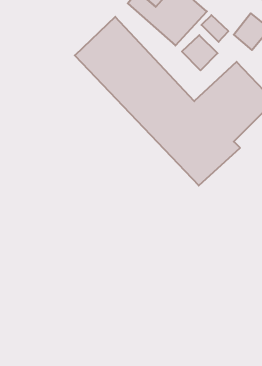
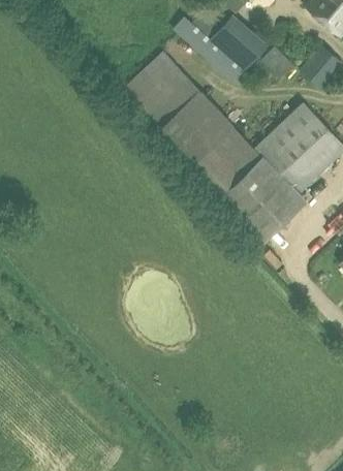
building: [182,35,218,70] -> none

